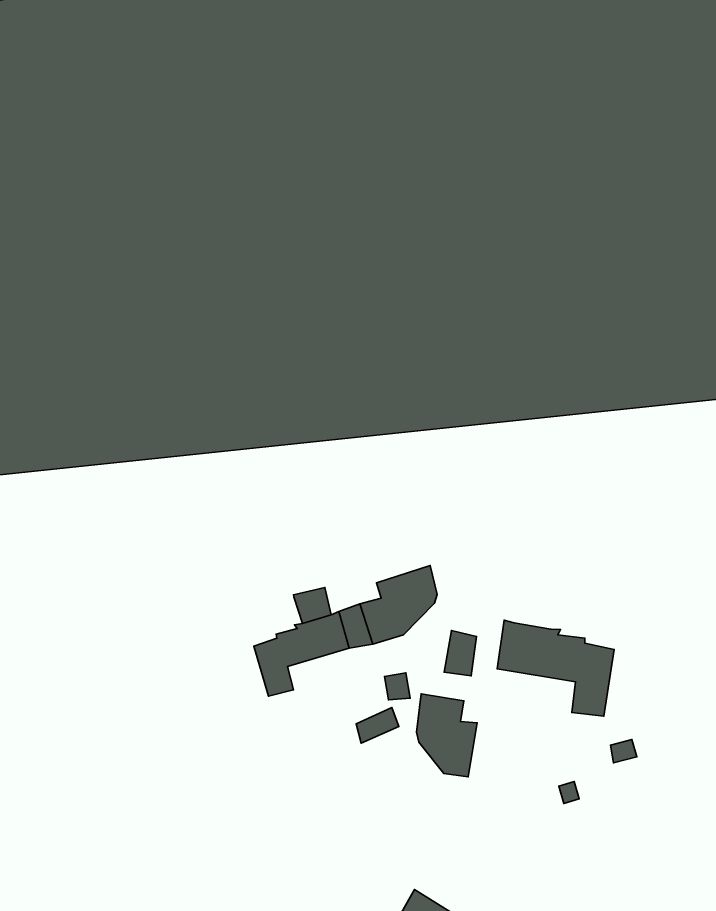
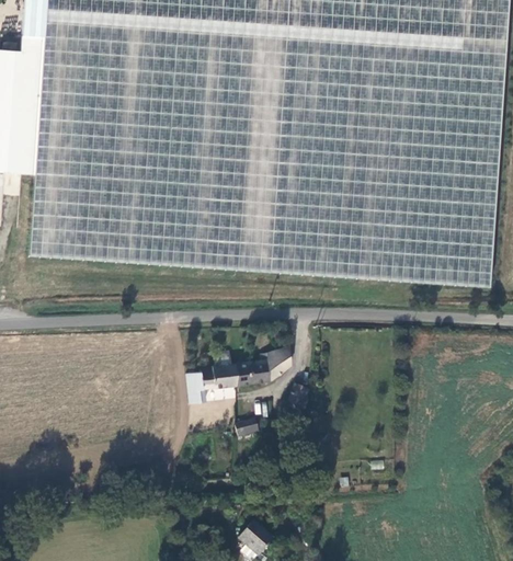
building: [497,620,614,716] -> none
building: [416,694,477,777] -> none

